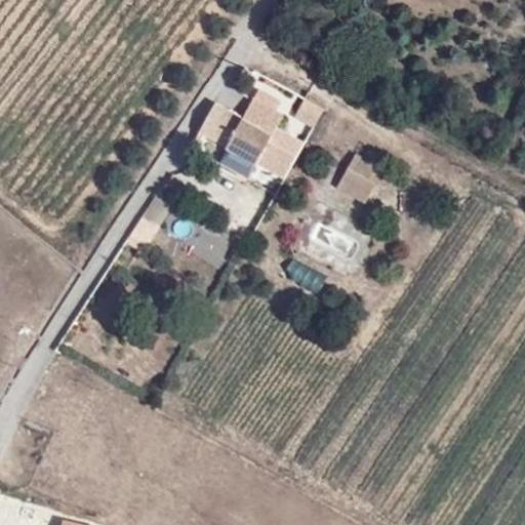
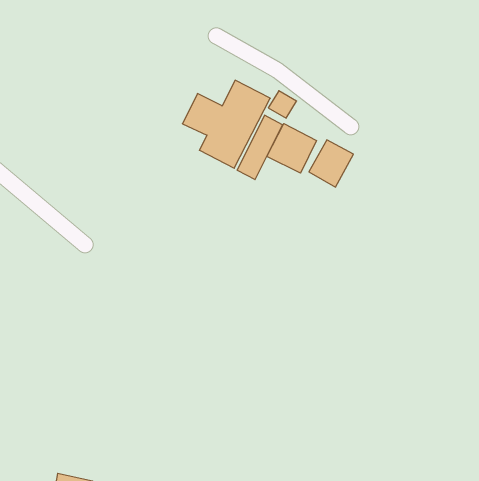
building: none -> [267,124,317,173]

